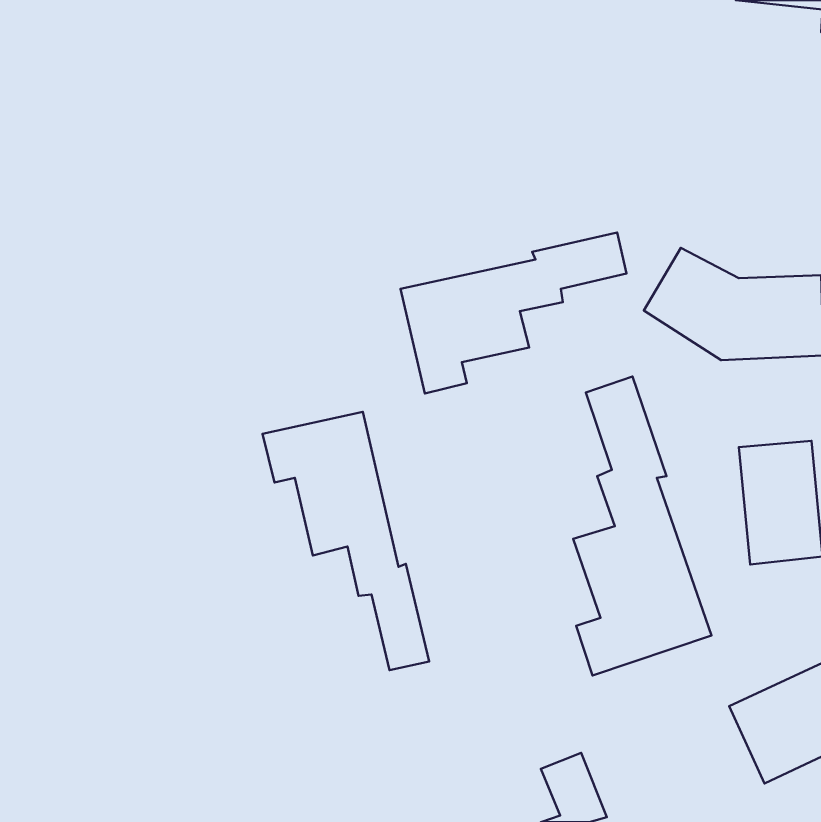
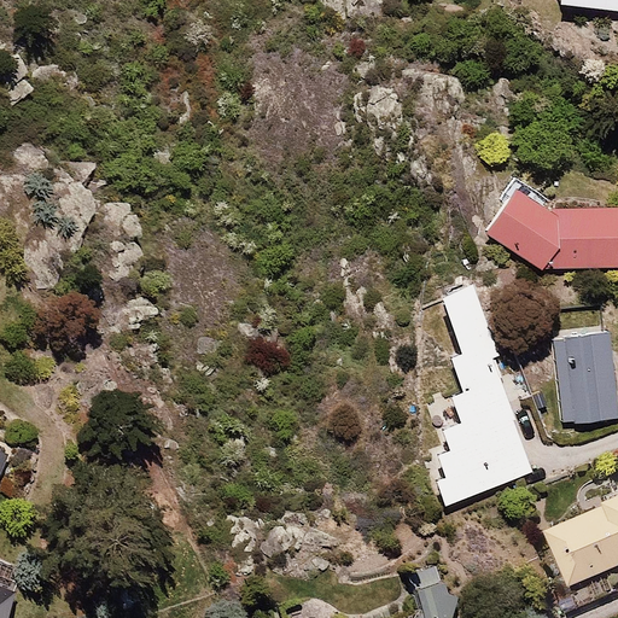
building: [401,232,626,393] -> none
building: [263,412,429,670] -> none

